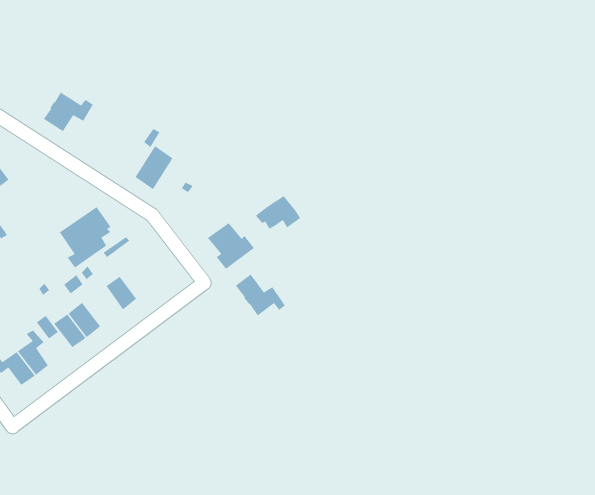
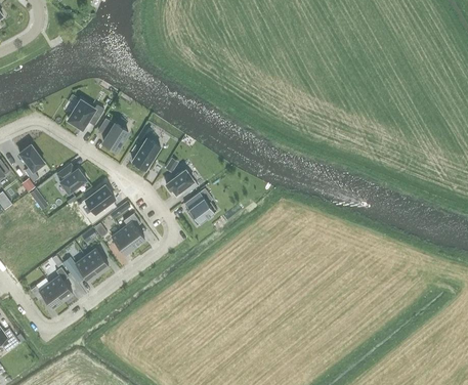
building: none -> [98,119,128,151]
building: none -> [56,164,86,193]
building: [255,195,301,230] -> [165,169,198,194]
building: none -> [122,213,144,246]
building: [235,274,286,316] -> none

